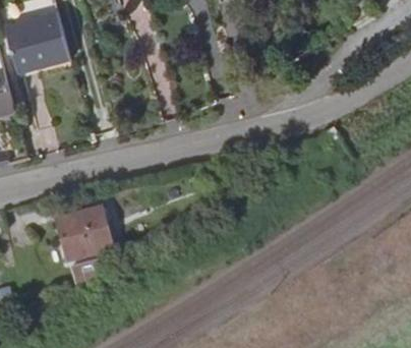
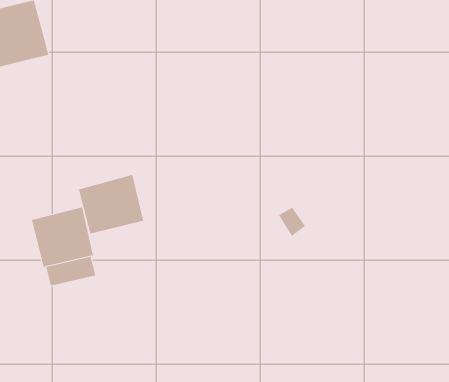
building: none -> [78,174,144,235]

